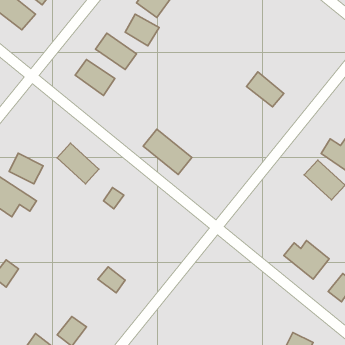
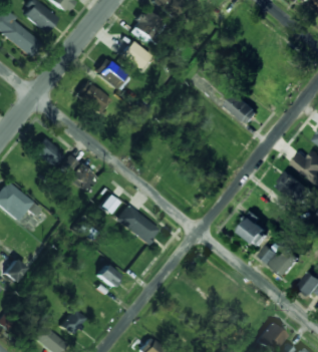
building: [143,129,192,174] -> [116,205,160,245]
building: [9,153,43,184] -> [33,138,63,165]
building: none -> [240,213,273,245]

